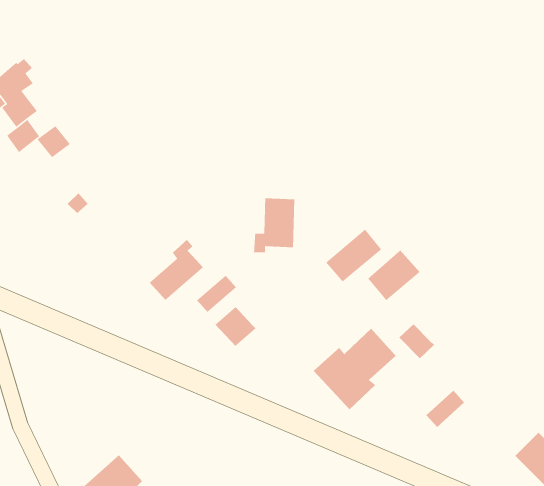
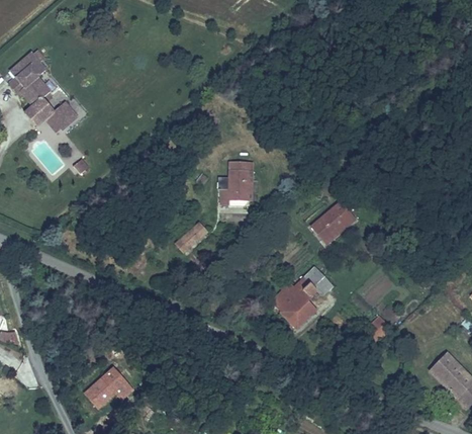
building: [325,228,382,282] -> none
building: [149,239,204,301] -> none
building: [215,306,257,347] -> none
building: [398,323,435,359] -> none

